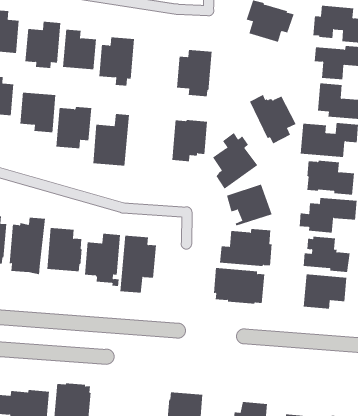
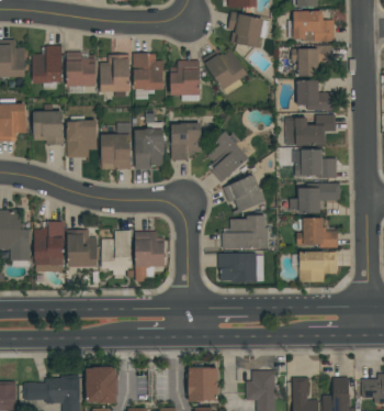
building: none -> [133,54,163,99]
building: [249,94,297,144] -> [203,51,247,95]
building: none -> [135,122,165,168]

